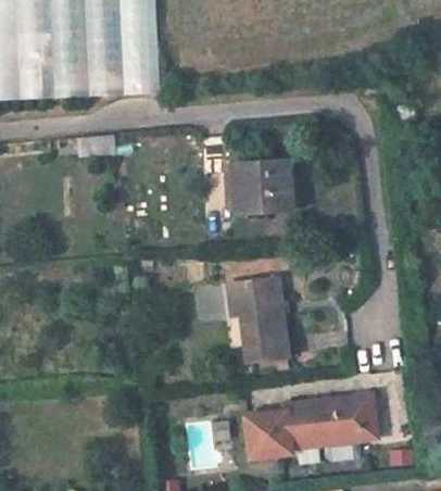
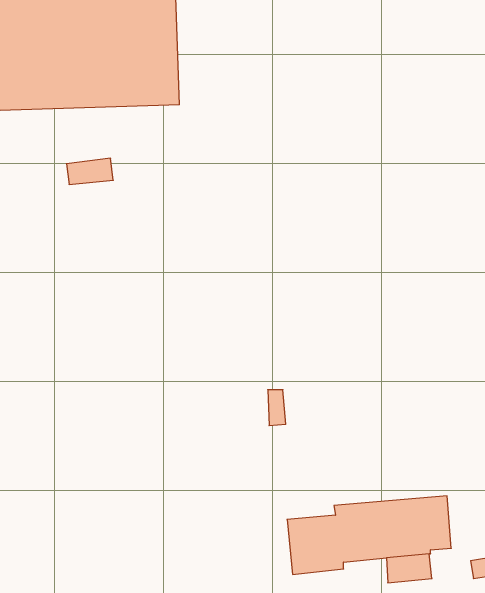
building: [229,151,289,203] -> none
building: [223,272,287,358] -> none

